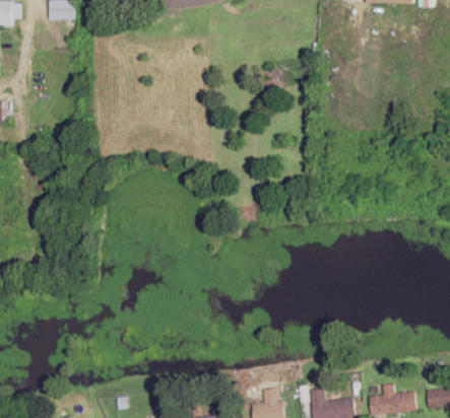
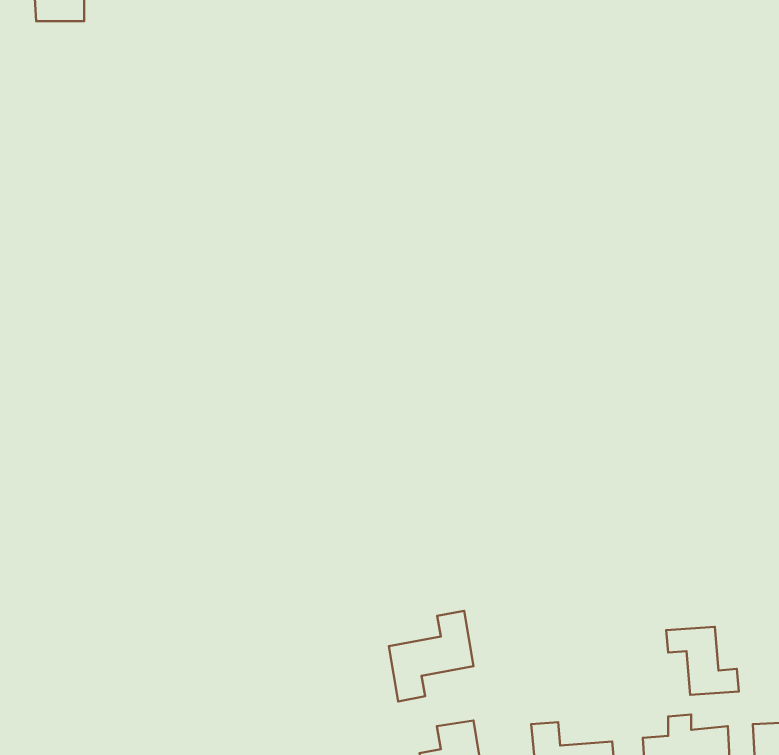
building: none -> [389,611,473,701]
building: none -> [666,627,739,695]

